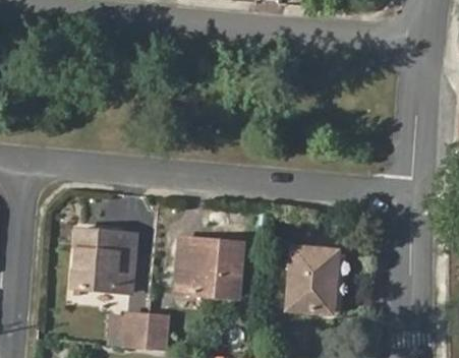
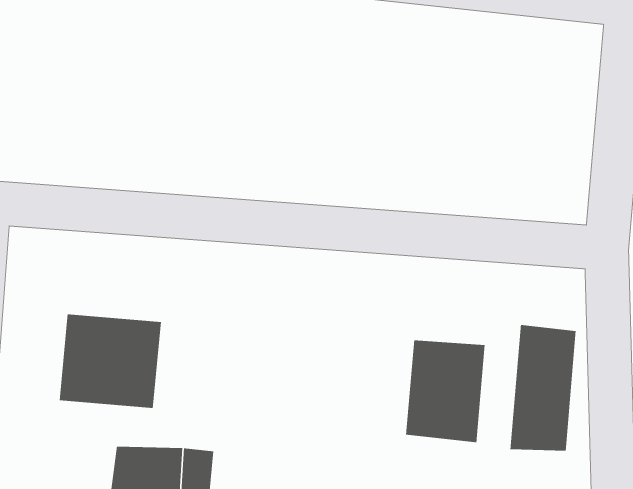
building: none -> [510,324,576,452]
building: [177,240,242,296] -> none

